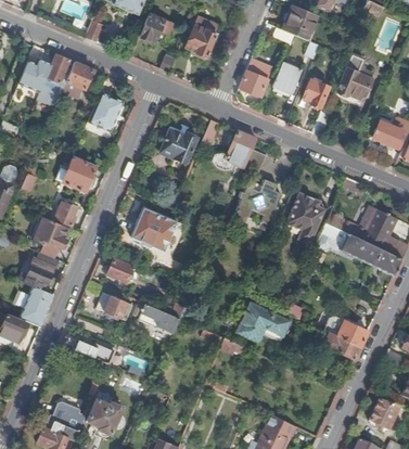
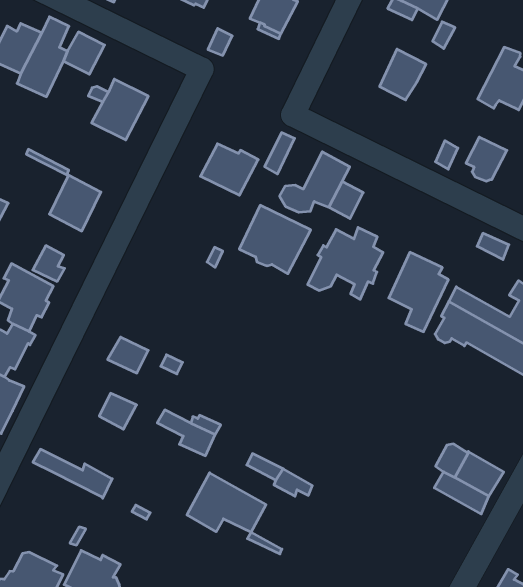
building: [239,69,268,97] -> none
building: [303,79,329,107] -> [466,137,507,181]
building: [131,207,177,251] -> [239,205,311,274]
building: [237,303,287,341] -> [187,473,266,532]

